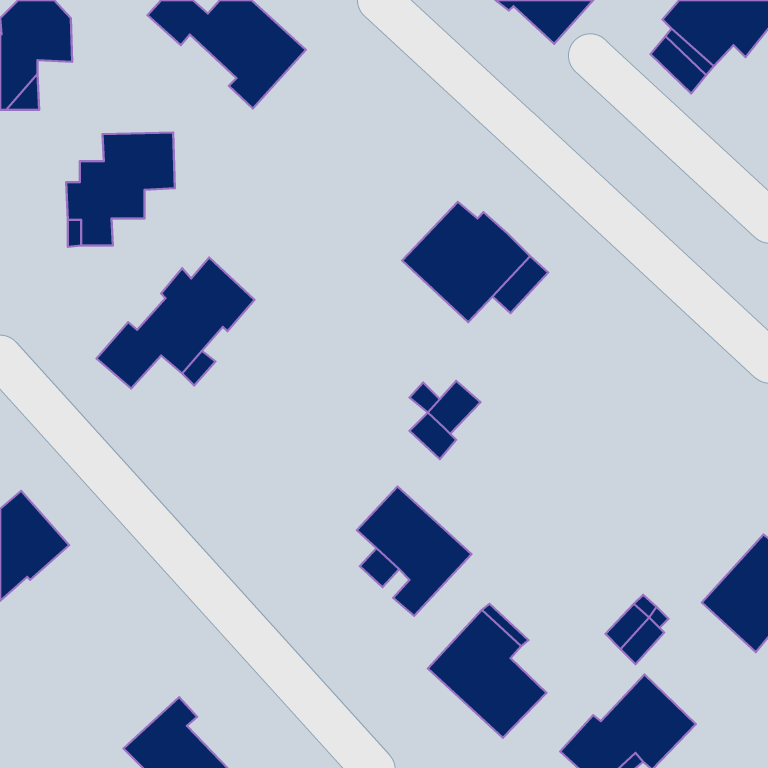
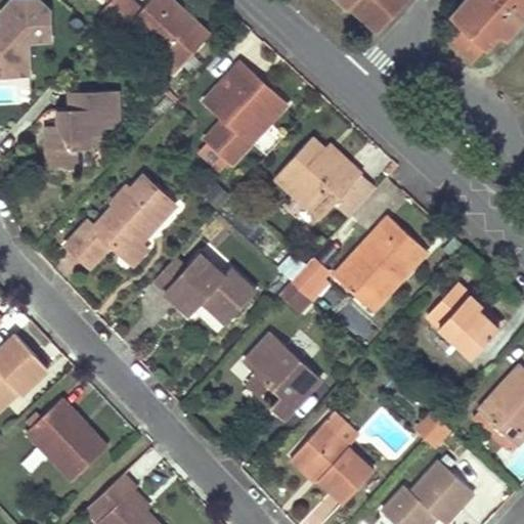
building: none -> [204,61,287,164]
building: none -> [334,216,427,311]
building: none -> [165,253,257,322]
building: none -> [428,282,497,358]
building: none -> [27,398,107,480]

